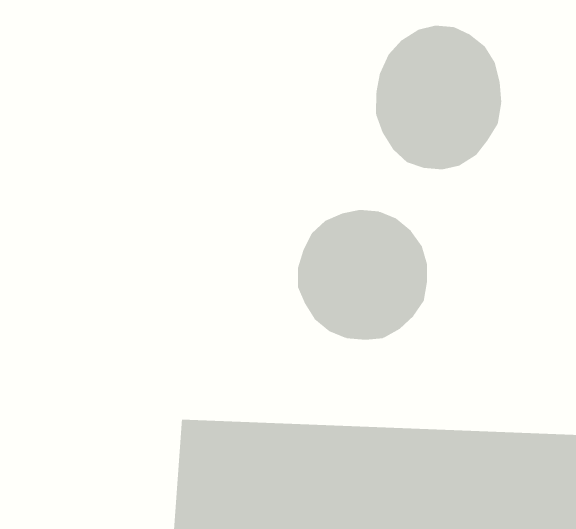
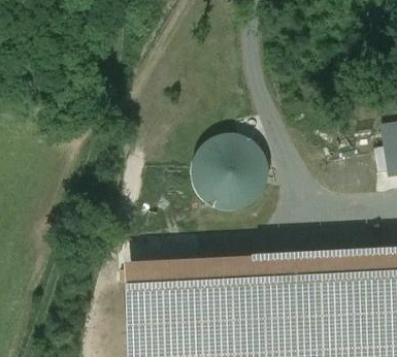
building: [376,25,502,170] -> none

